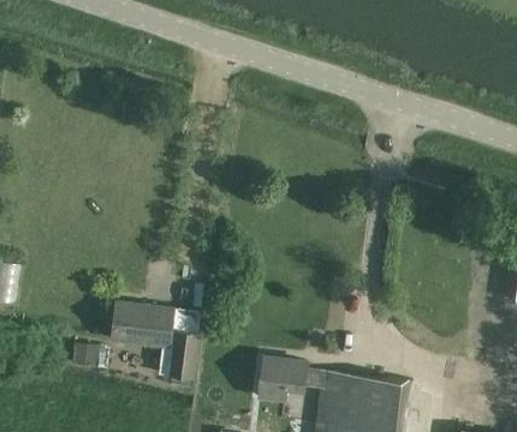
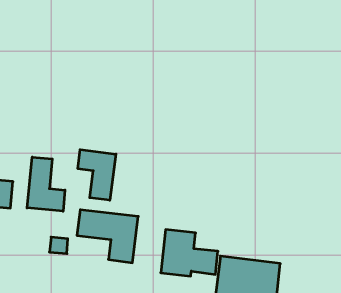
building: none -> [78,150,116,200]
building: none -> [27,157,65,211]

